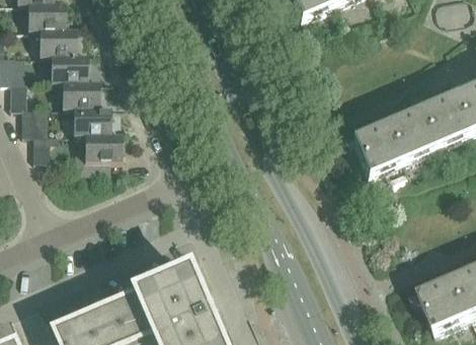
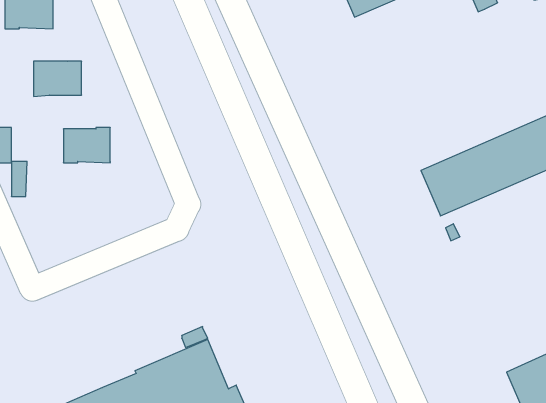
building: [39,23,77,51] -> none
building: [63,76,99,102] -> none
building: [85,128,123,155] -> none

